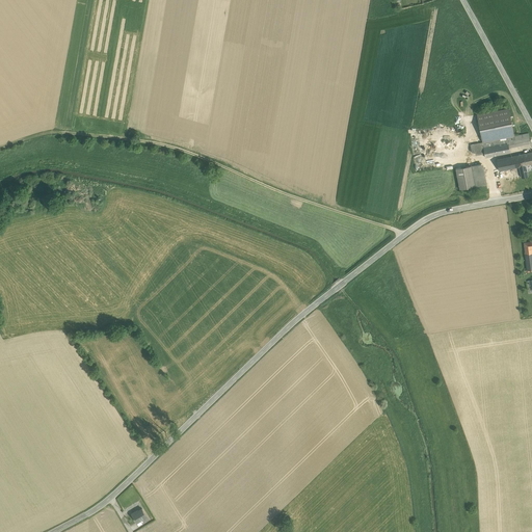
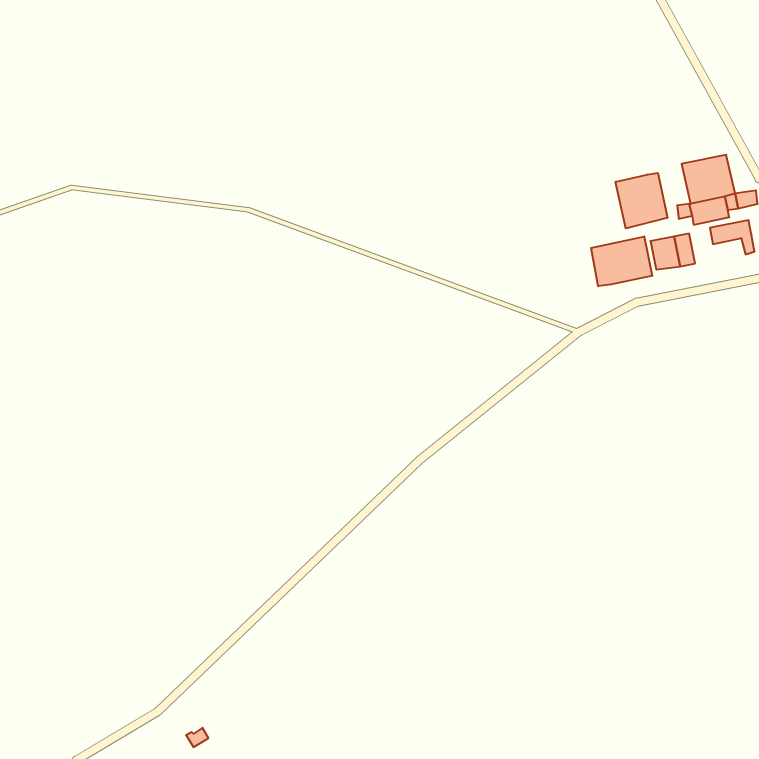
building: none -> [616,173,667,228]
building: none -> [591,236,652,286]

